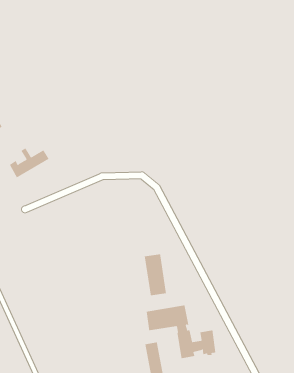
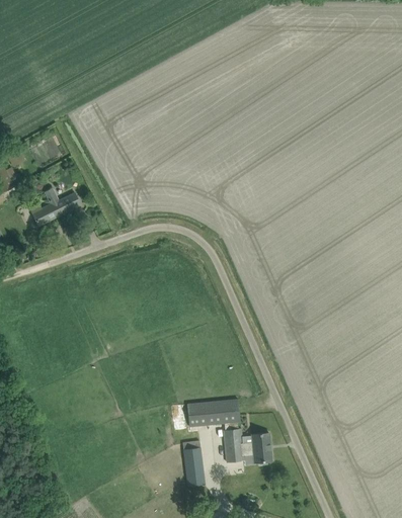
building: [144,254,167,296] -> none

